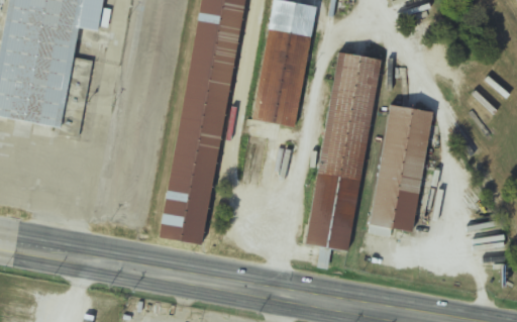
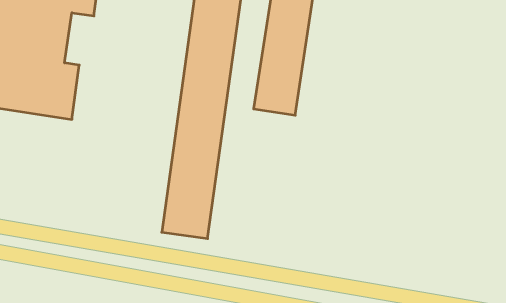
building: [309,51,380,251] -> none
building: [371,104,432,237] -> none

